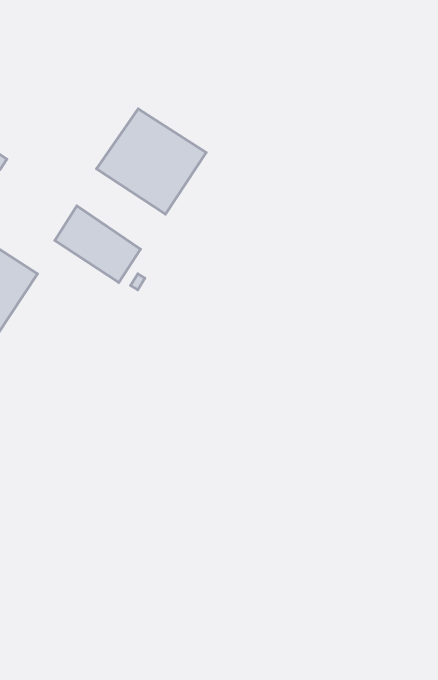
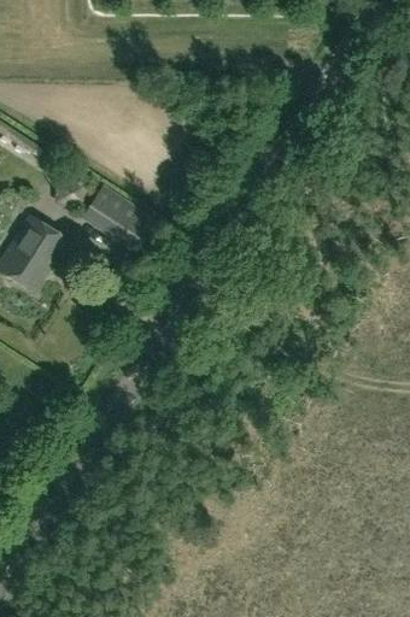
building: [97,109,206,214] -> none

